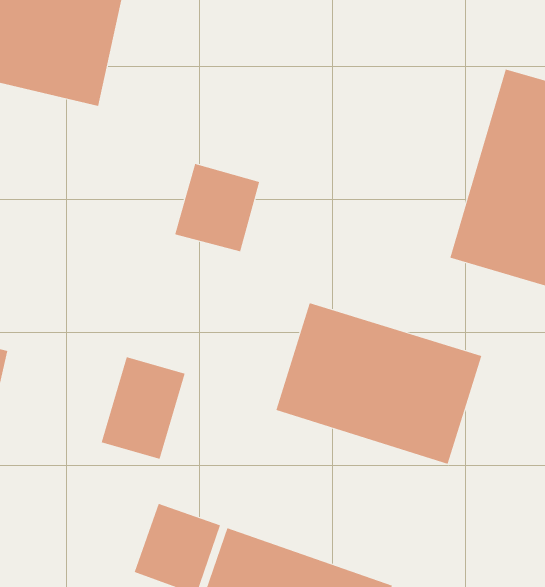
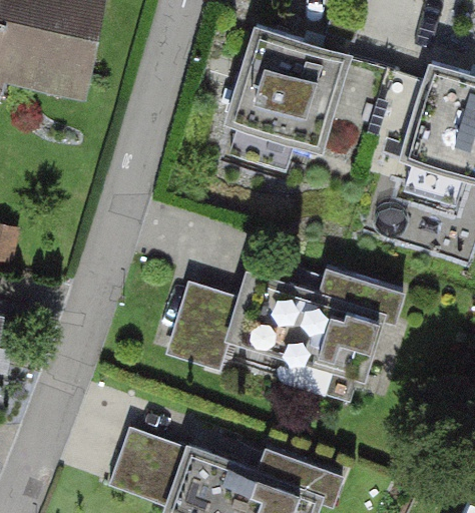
building: none -> [210,23,353,184]
building: [175,163,260,252] -> none
building: [101,357,186,459] -> [170,284,241,369]

